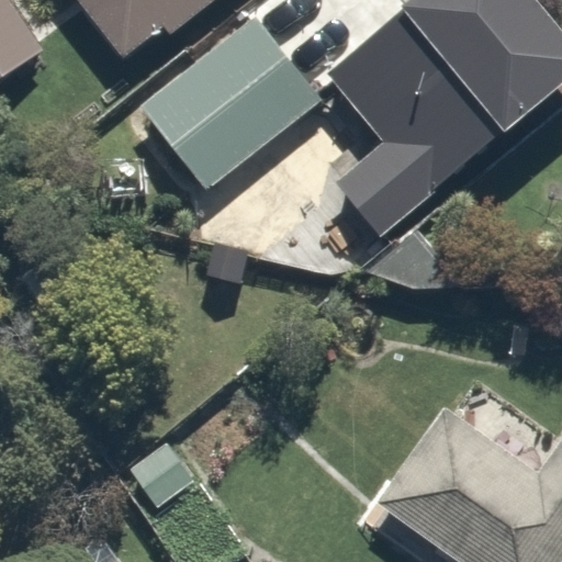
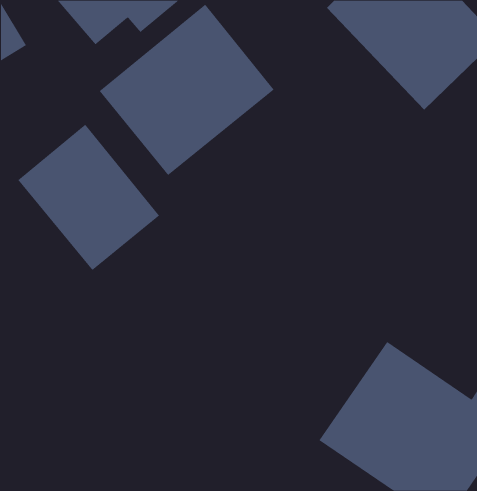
building: [317,9,501,243] -> none
building: none -> [17,124,160,271]

